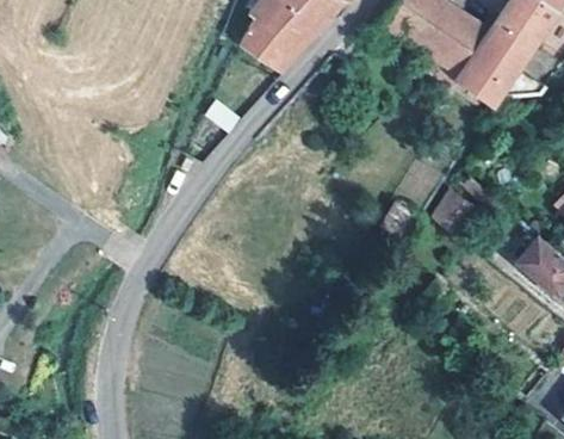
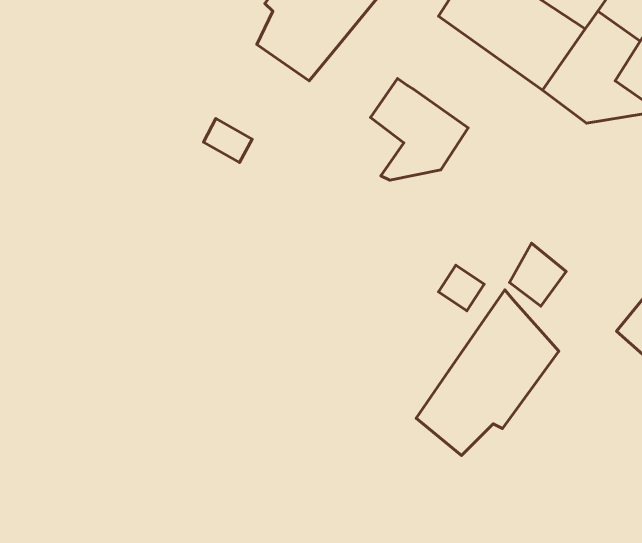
building: none -> [371,79,468,180]
building: none -> [416,290,559,455]

